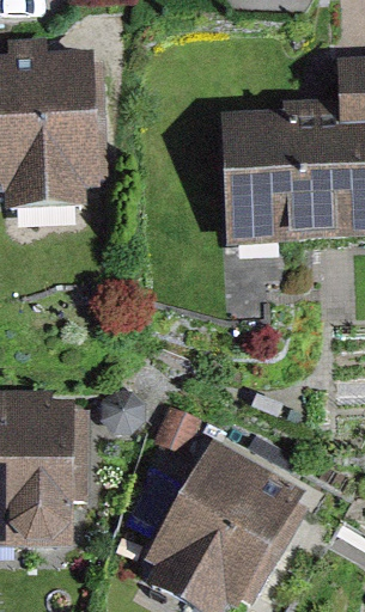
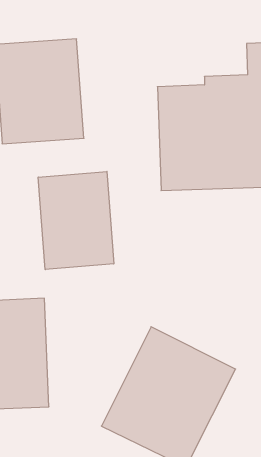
building: none -> [38,171,114,270]

